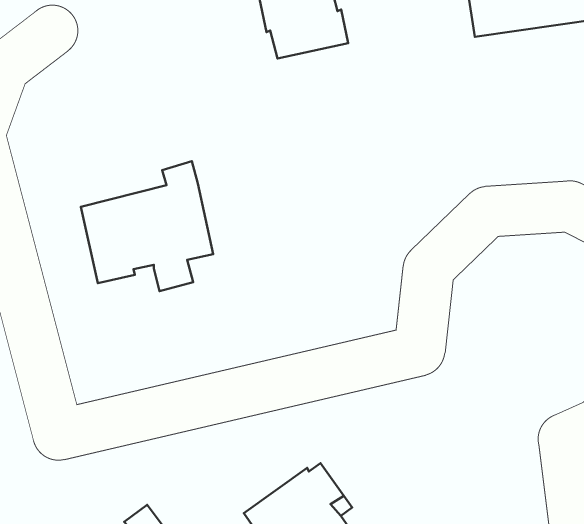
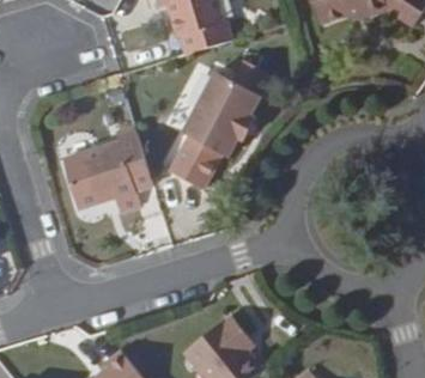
building: none -> [169,71,260,189]

